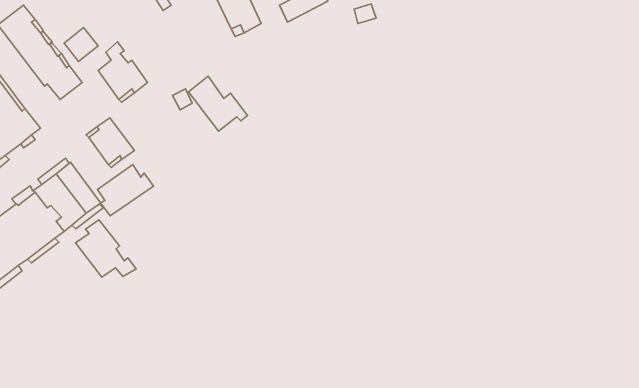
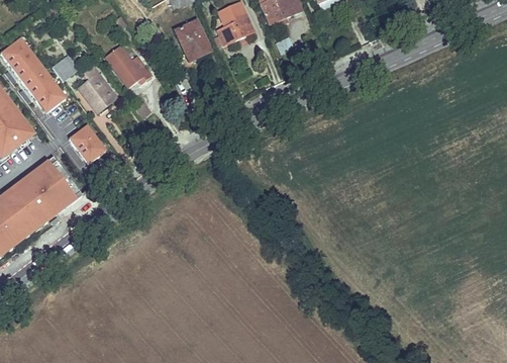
building: [189,76,247,131] -> [106,44,151,87]
building: [97,164,154,216] -> none
building: [76,220,136,277] -> none

